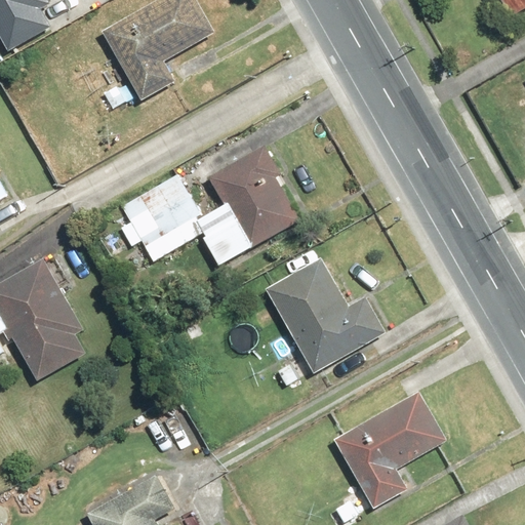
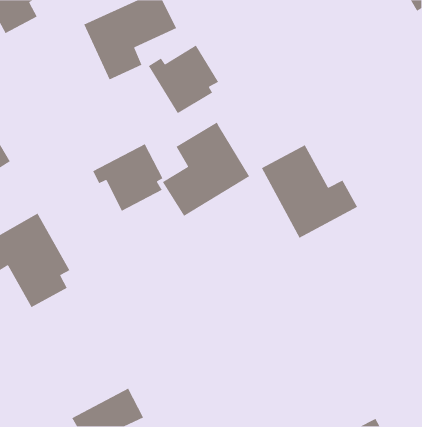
building: none -> [148,44,219,114]
building: [265,257,383,373] -> [261,144,358,239]
building: [333,391,445,507] -> none

